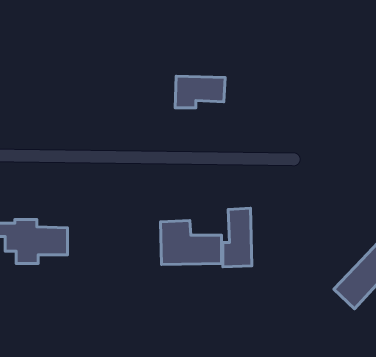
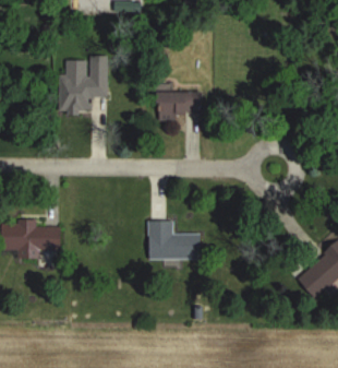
building: none -> [59,56,107,115]
building: [223,208,252,267] -> none

